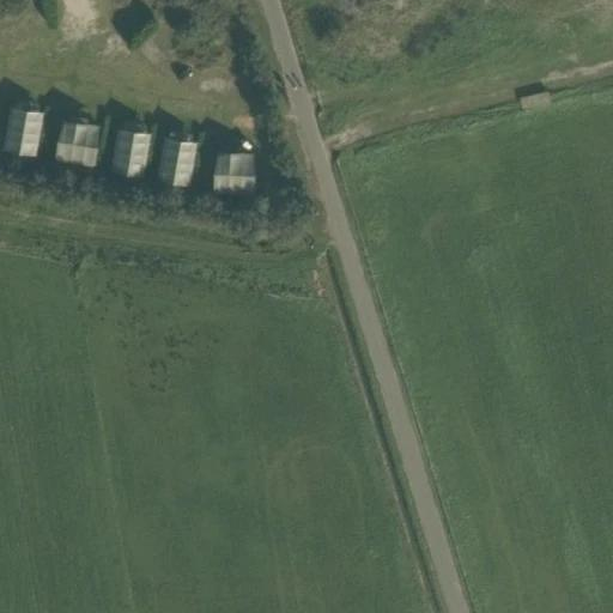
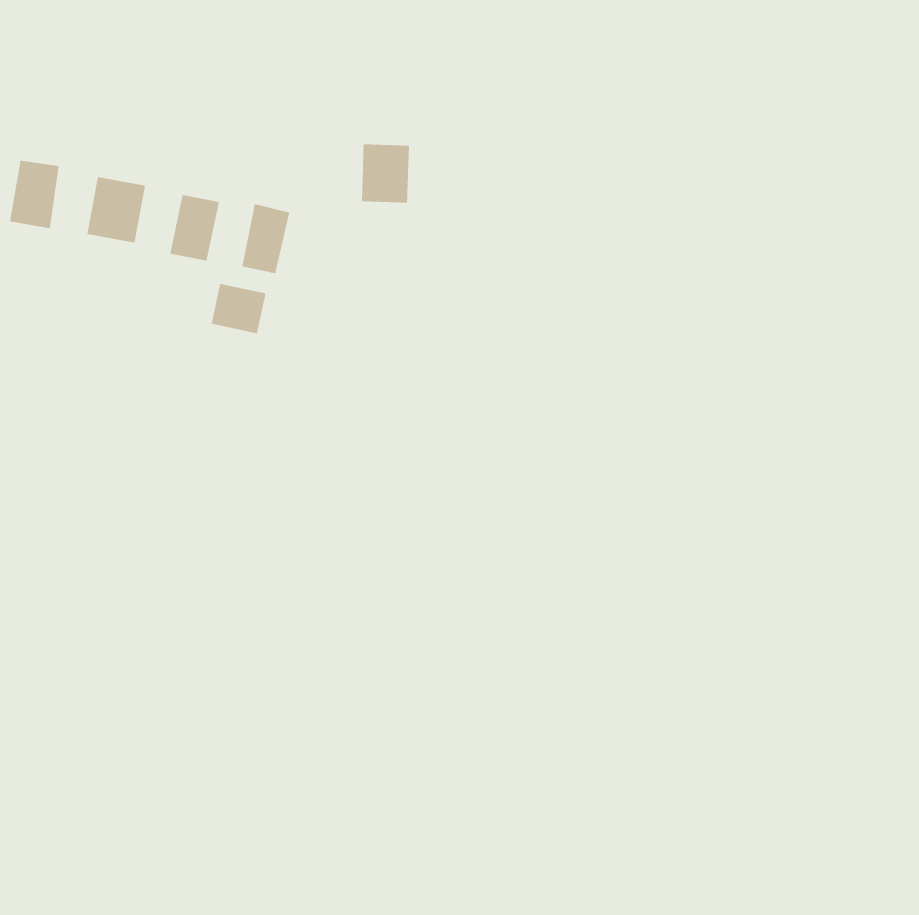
building: [219,154,251,194] -> [361,144,410,203]
building: none -> [211,283,266,334]

